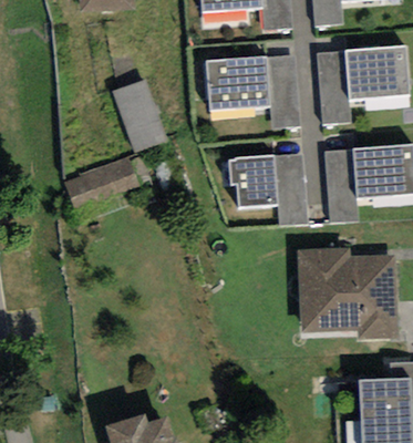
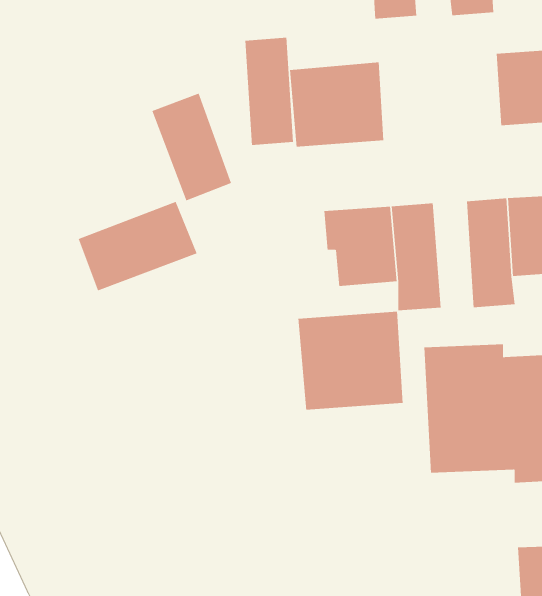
building: [317,50,350,122] -> none
building: [266,53,299,126] -> [245,37,294,145]
building: none -> [298,311,403,410]

